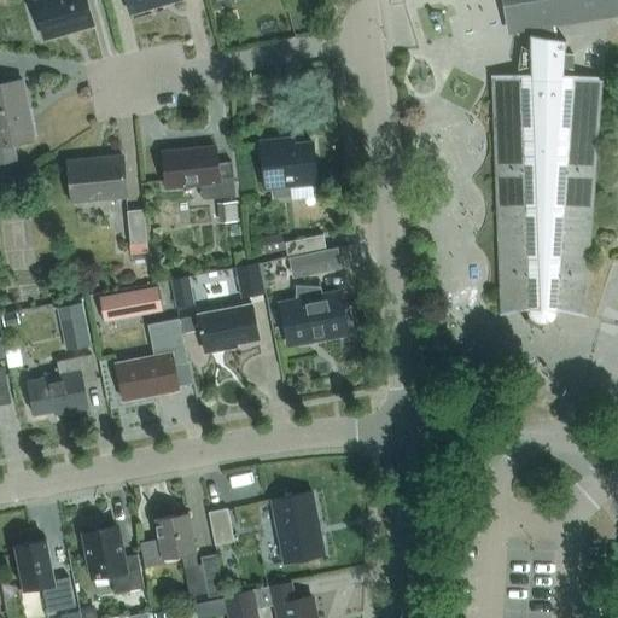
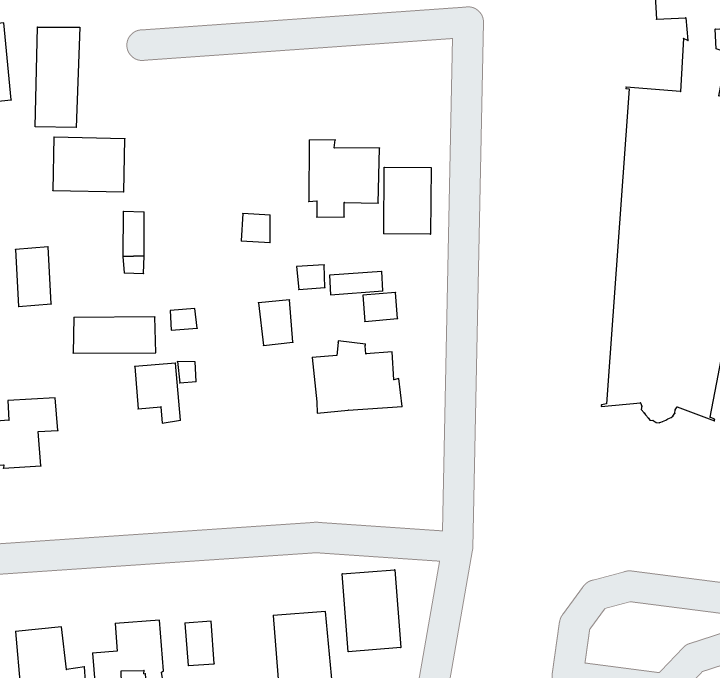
building: none -> [35,27,80,127]
building: [163,146,235,200] -> none
building: none -> [384,167,431,234]
building: [59,304,91,351] -> [15,247,51,307]
building: [198,307,260,354] -> none
building: [115,354,179,402] -> none
building: none -> [342,570,401,652]

